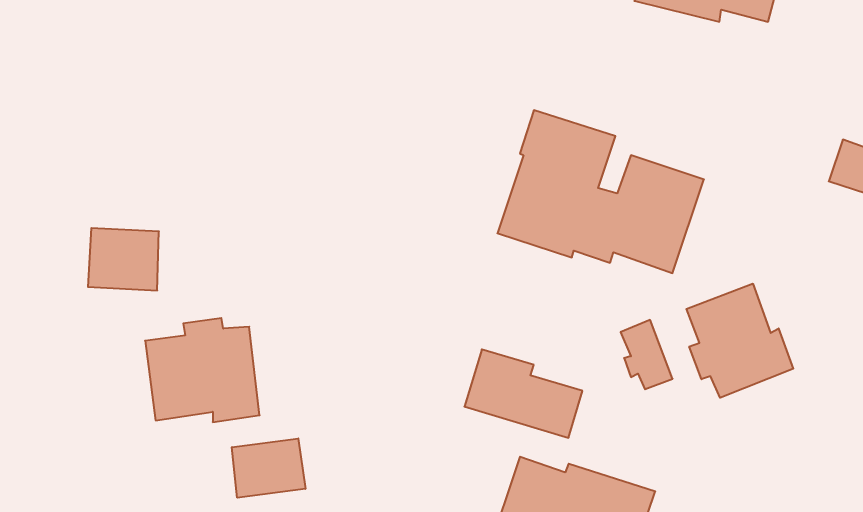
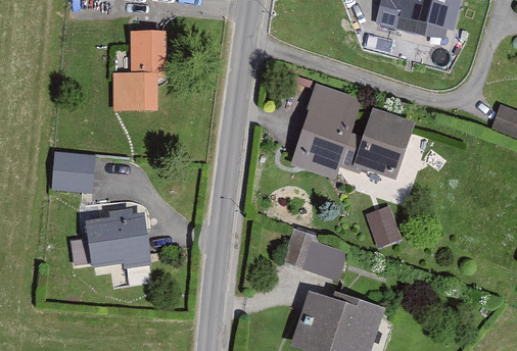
building: none -> [111,30,165,110]
building: [686,284,793,398] -> none
building: [232,438,305,498] -> none

